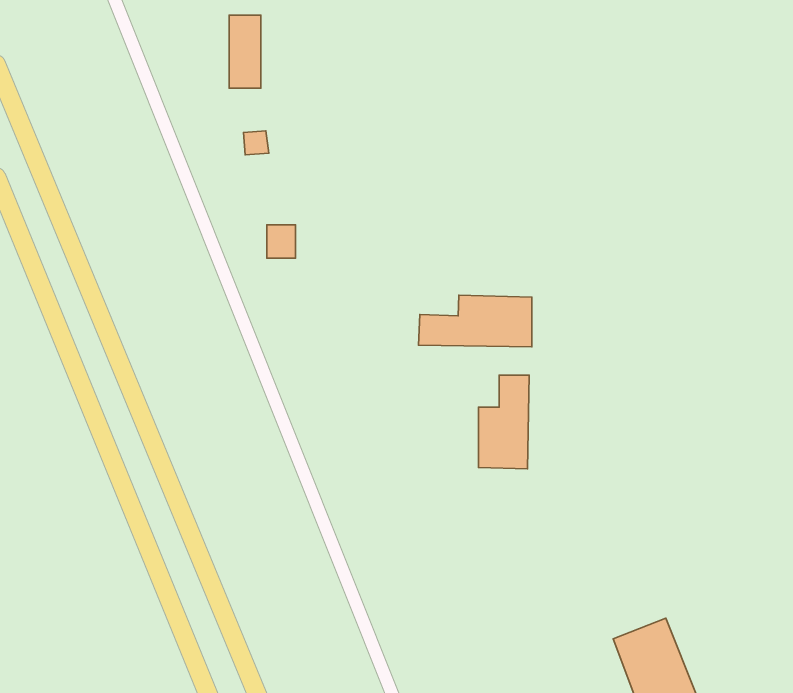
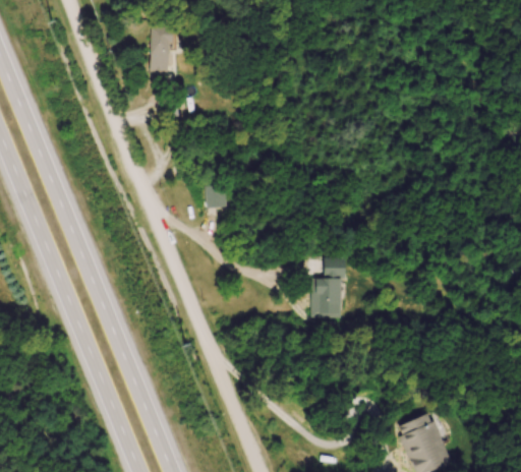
building: [267,225,295,258] -> [206,185,224,206]
building: [419,295,532,347] -> none

